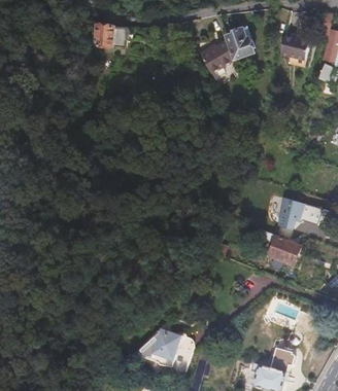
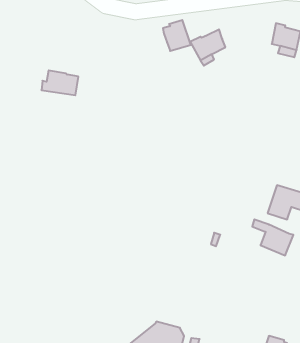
building: [89,24,126,48] -> [41,70,78,95]
building: [226,27,254,58] -> [163,20,191,51]

